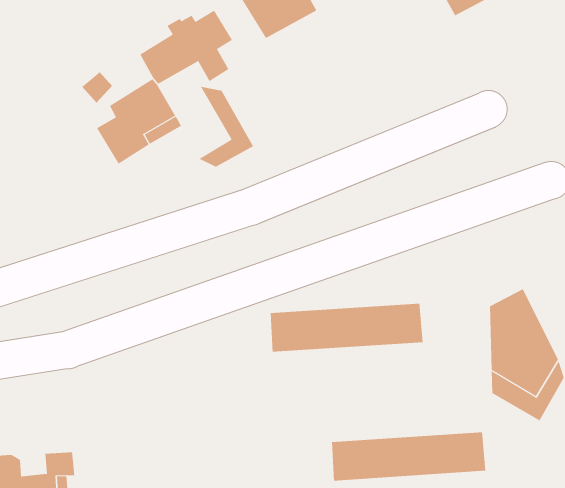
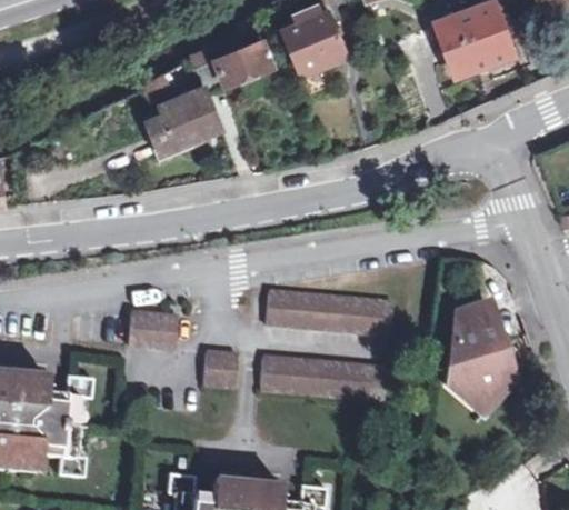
building: [198,86,254,168] -> none
building: none -> [130,312,180,349]
building: none -> [203,351,240,387]
building: [331,432,486,481] -> [261,357,389,400]

